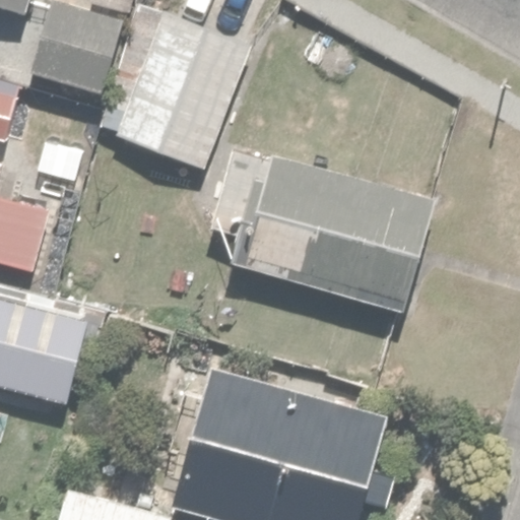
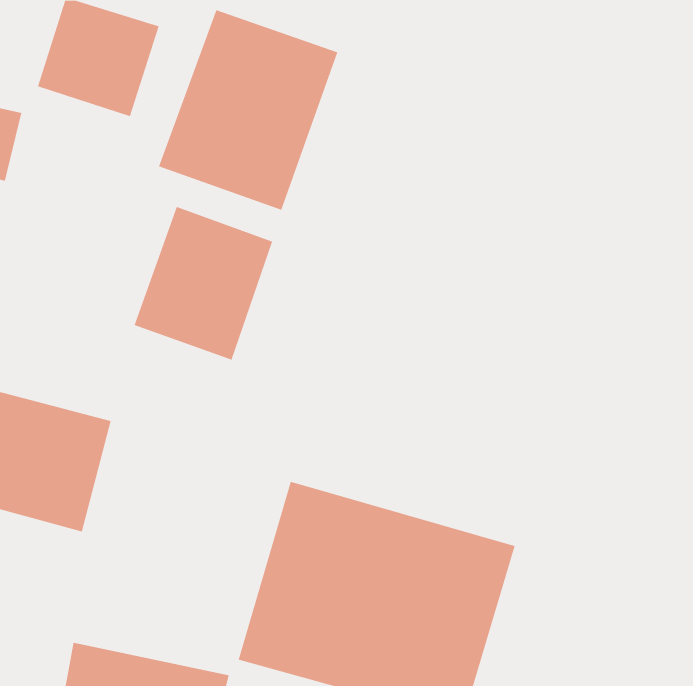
building: [236,158,416,310] -> none
building: none -> [134,206,273,361]

